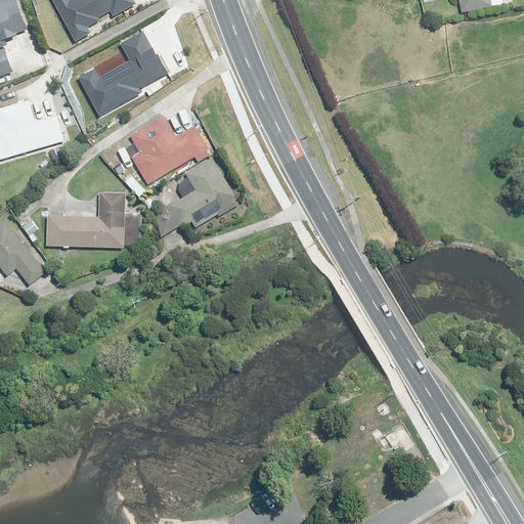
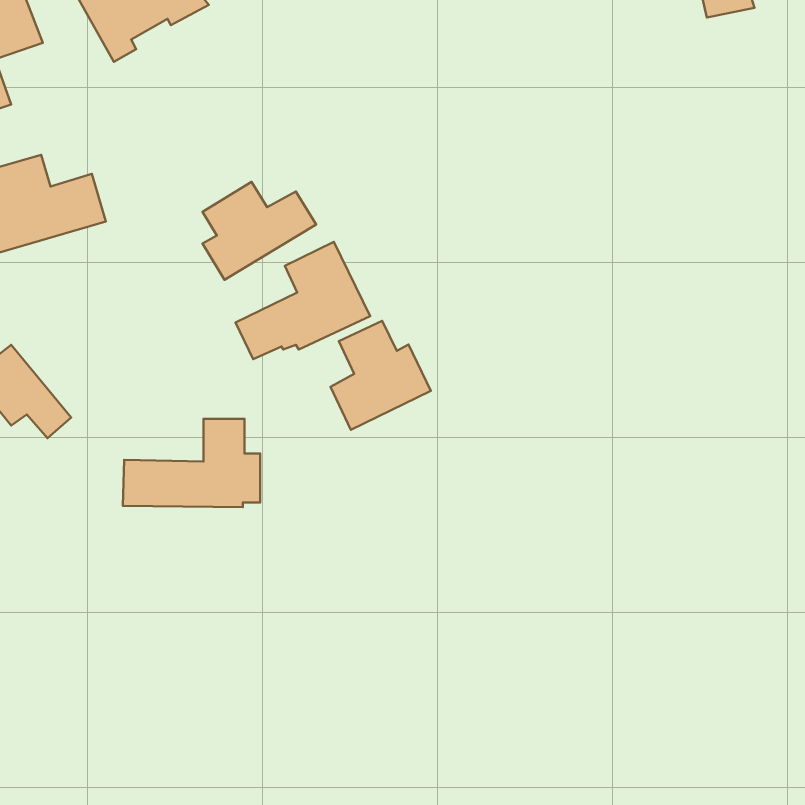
building: [73,28,169,117] -> none
building: [48,190,137,248] -> [123,419,260,507]
building: none -> [330,321,431,430]

